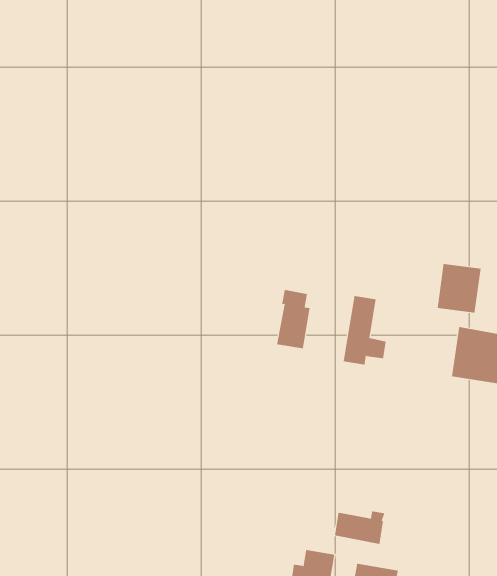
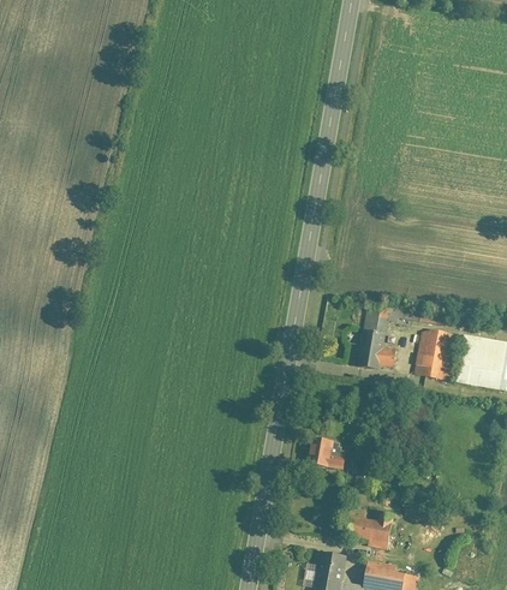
building: [437,263,482,313] -> [413,330,457,379]
building: [277,289,310,349] -> none
building: none -> [305,436,345,466]

